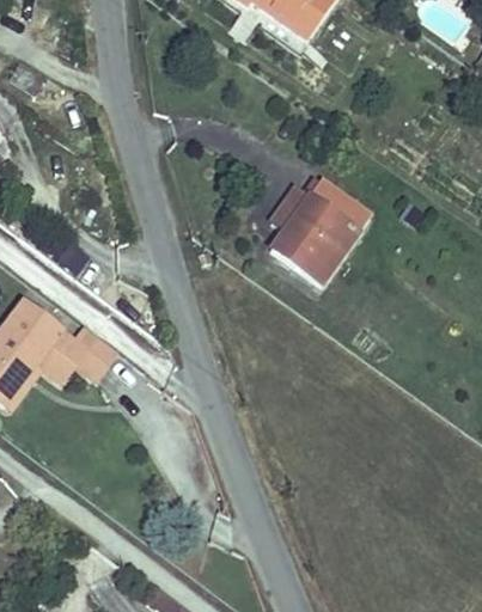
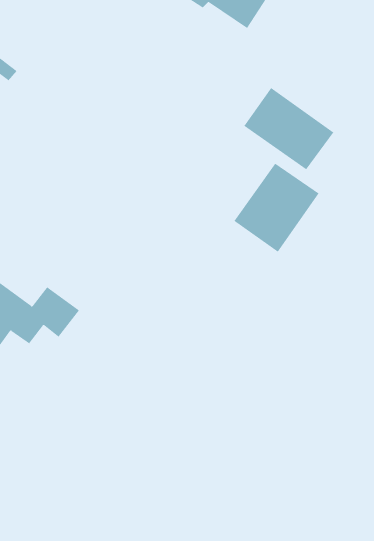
building: none -> [243,87,334,170]

